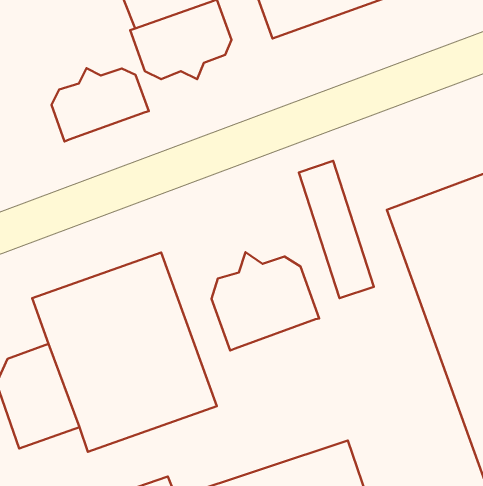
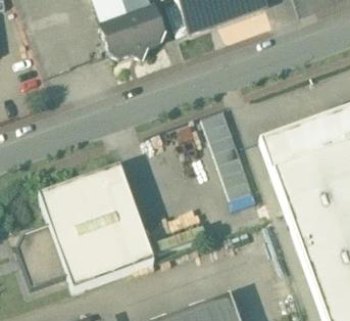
building: [51,68,149,141] -> none
building: [211,252,319,351] -> none

